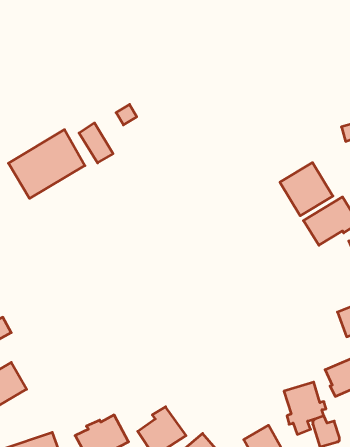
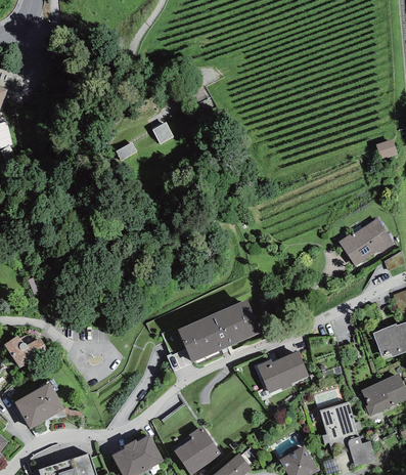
building: [8,130,85,198] -> none
building: [280,163,333,216] -> none
building: none -> [178,297,264,361]
building: none -> [257,350,309,393]

